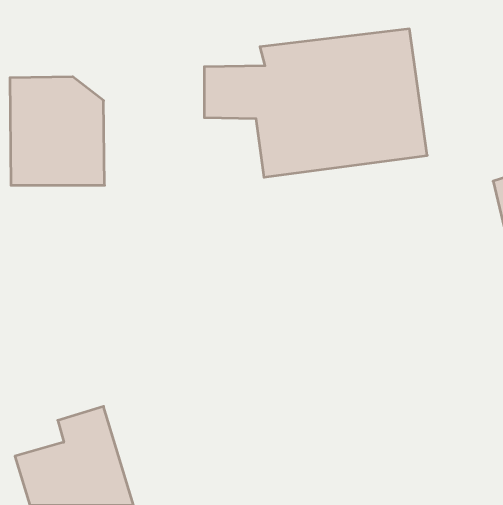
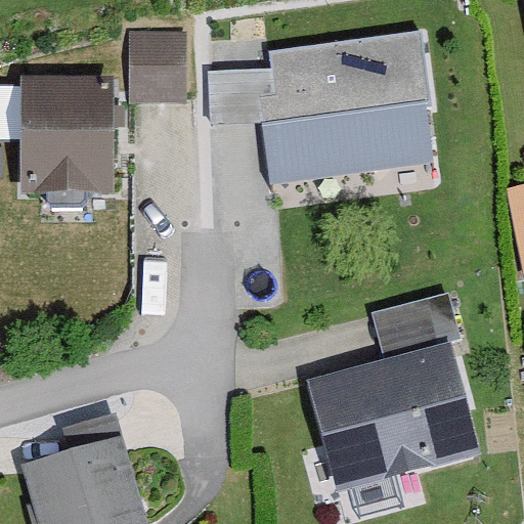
building: none -> [127,34,184,103]
building: none -> [308,302,475,493]

